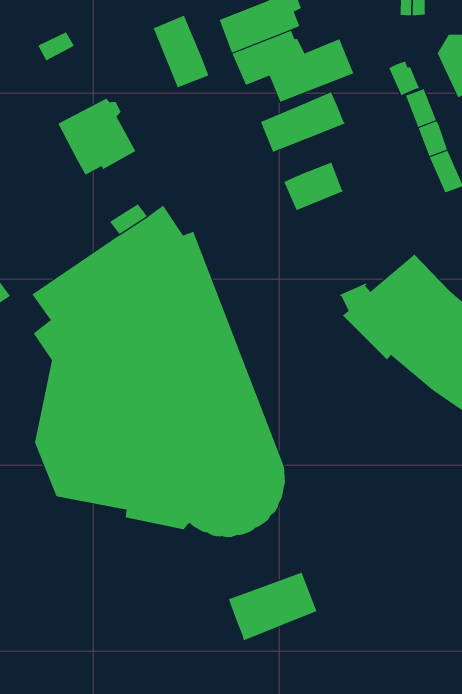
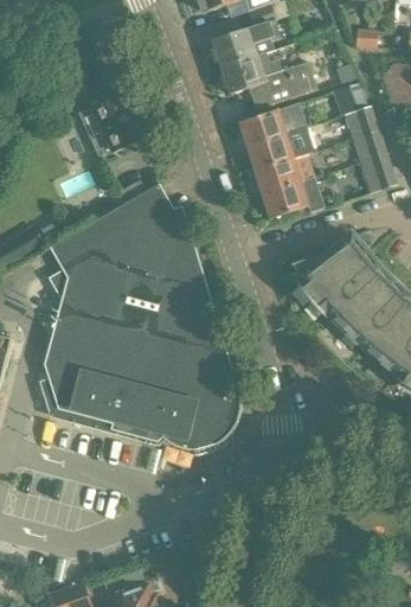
building: [152,15,209,88] -> none
building: none -> [248,129,309,172]
building: none -> [263,177,325,219]
building: [228,572,317,641] -> none

